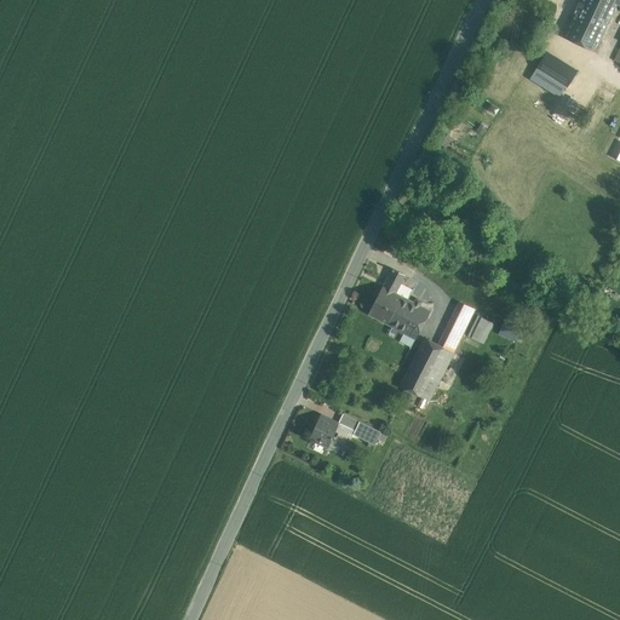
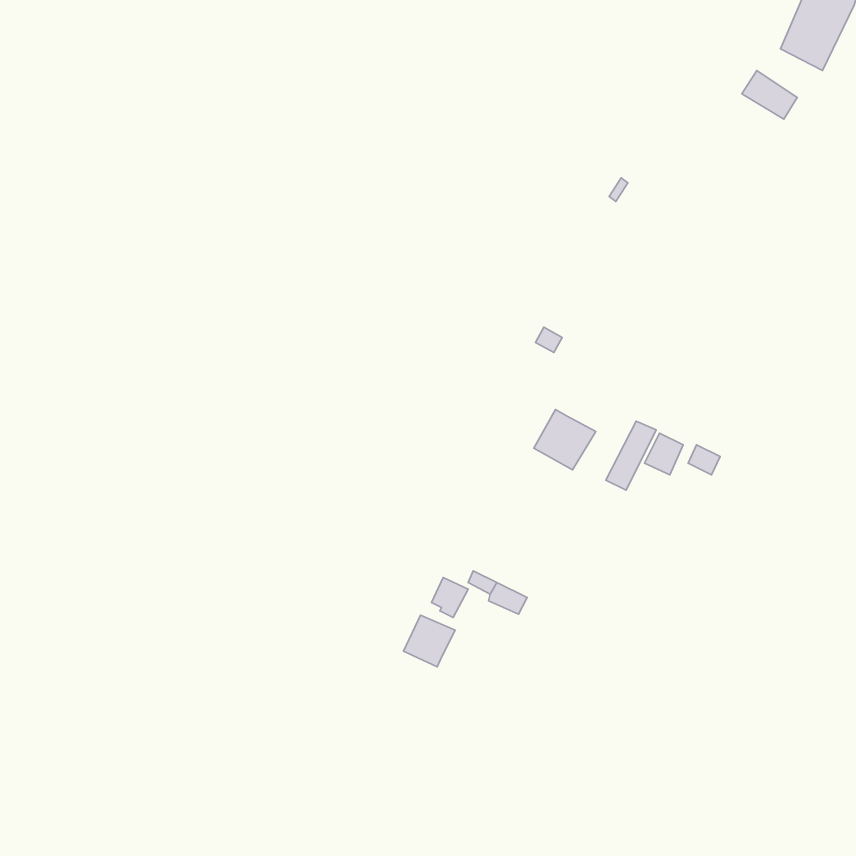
building: [366,268,411,323] -> none
building: [398,339,452,401] -> none
building: none -> [404,615,455,667]

